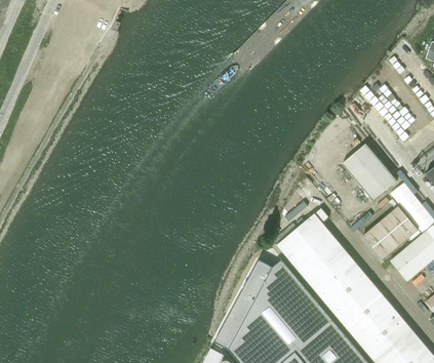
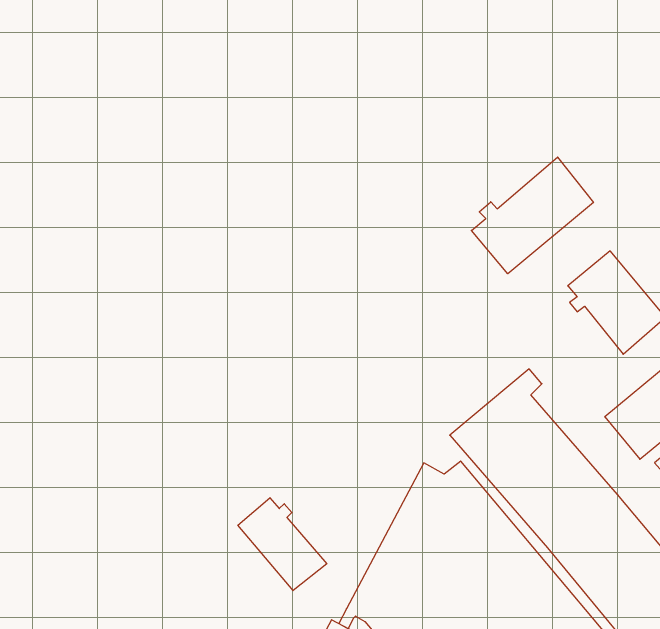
building: none -> [471,157,593,274]
building: none -> [238,498,327,591]

